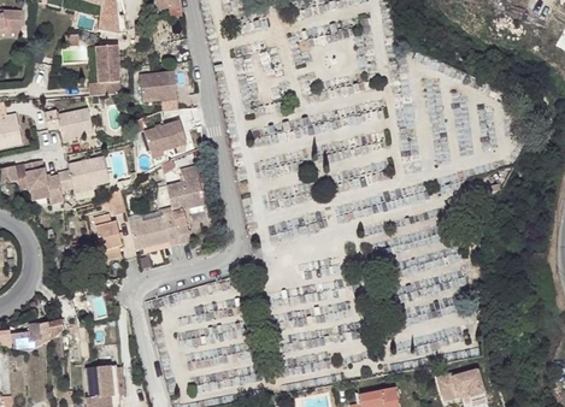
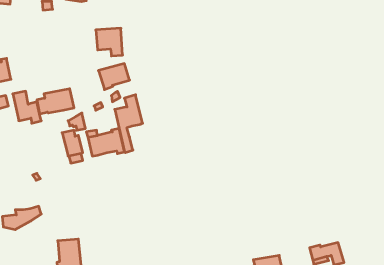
building: [89,45,119,96] -> none
building: [46,107,93,138] -> none

